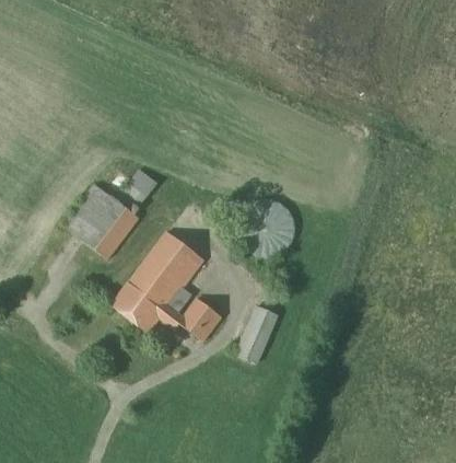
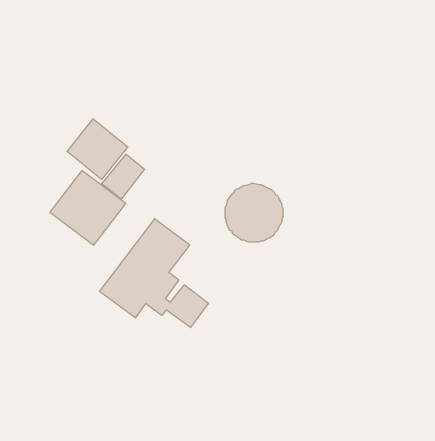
building: none -> [67,119,128,180]
building: [237,304,279,362] -> none

